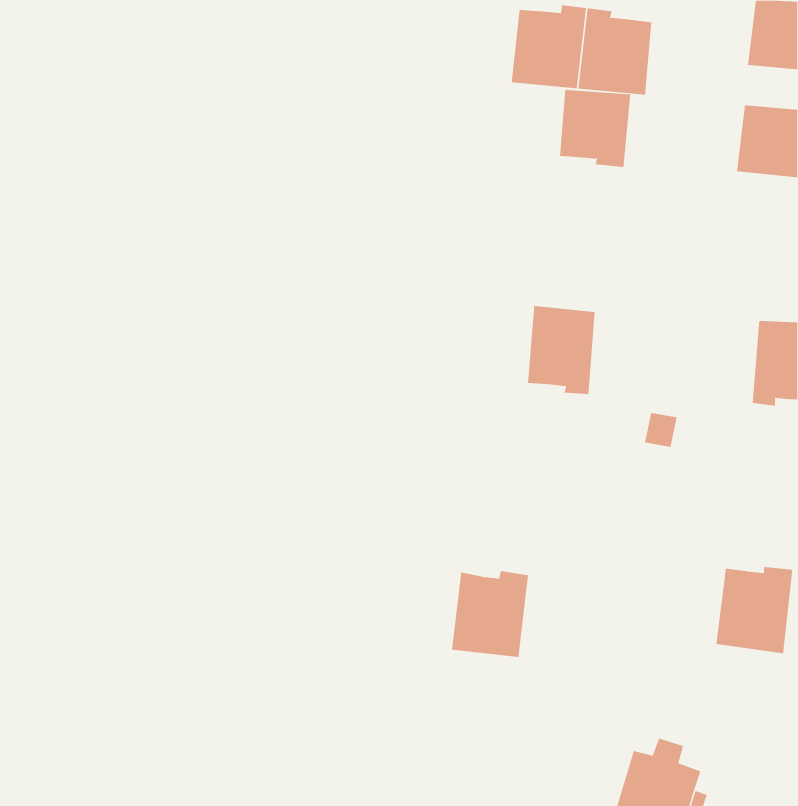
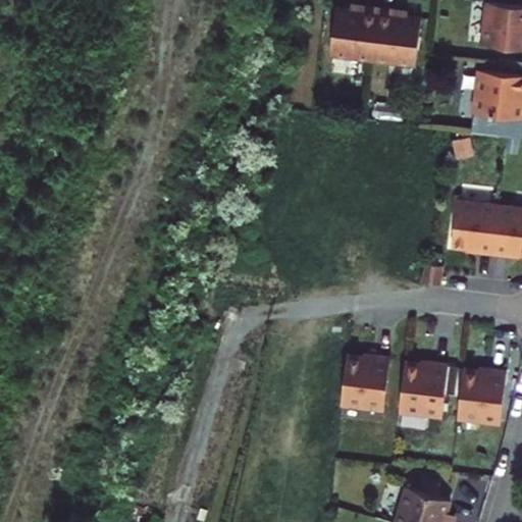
building: [560,89,631,168] -> none
building: [527,306,595,394] -> [443,205,487,262]
building: none -> [402,359,452,415]
building: [451,570,529,658] -> [344,352,394,408]

